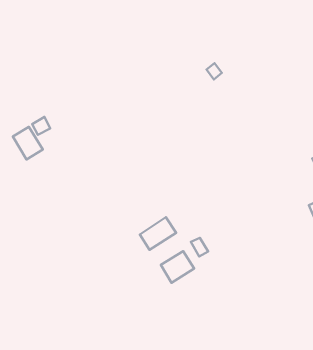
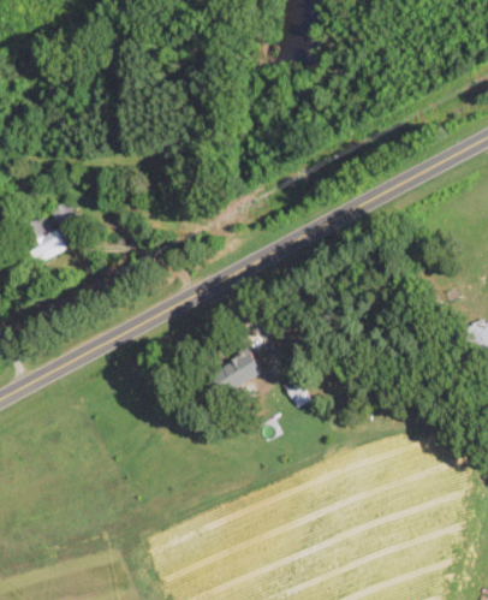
building: [161,251,194,283] -> none

